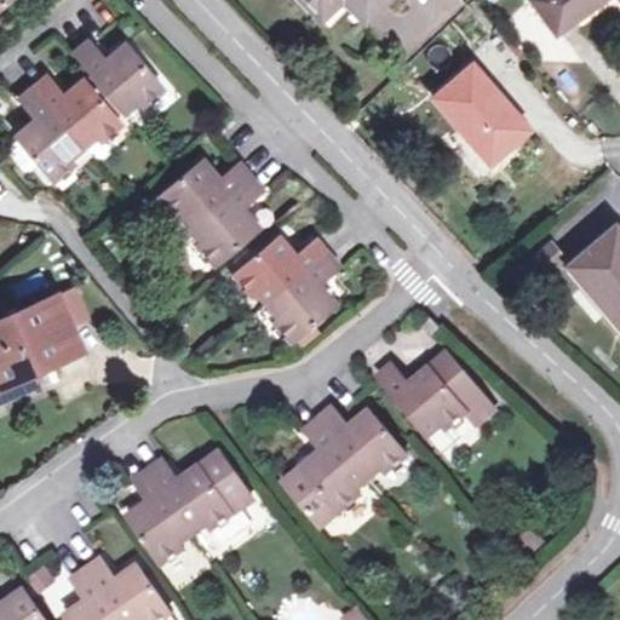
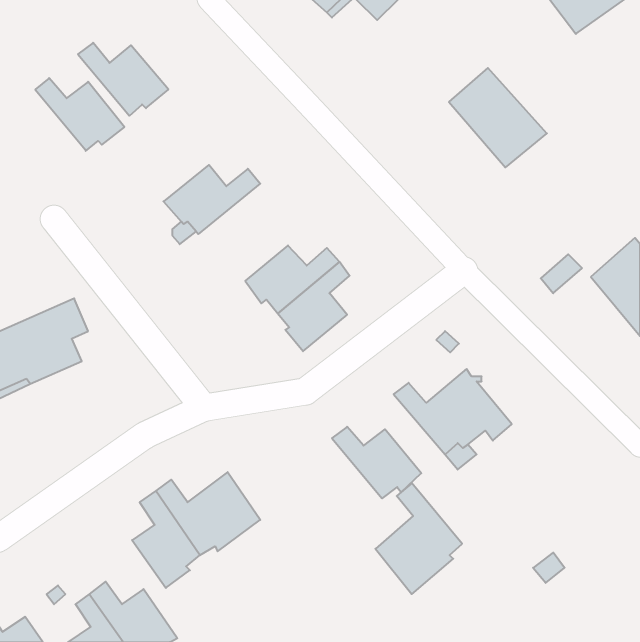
building: [16,86,82,178] -> none
building: [191,177,262,263] -> none
building: [285,421,368,528] -> [375,483,462,594]

